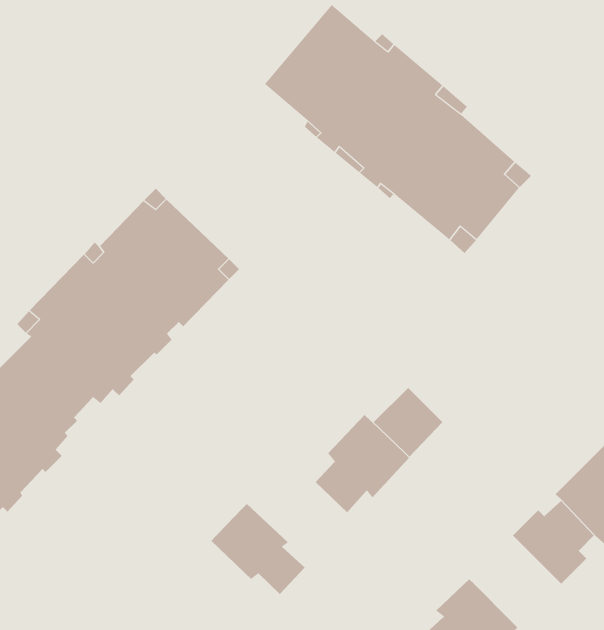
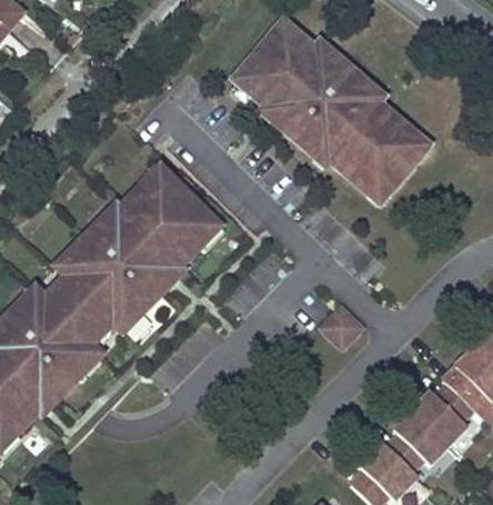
building: [315,414,410,513] -> none
building: [211,503,306,595] -> none
building: none -> [390,412,452,473]

